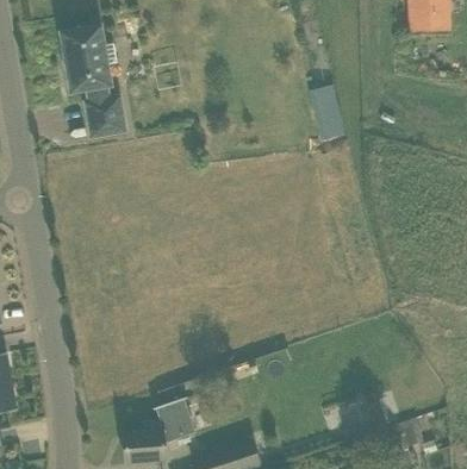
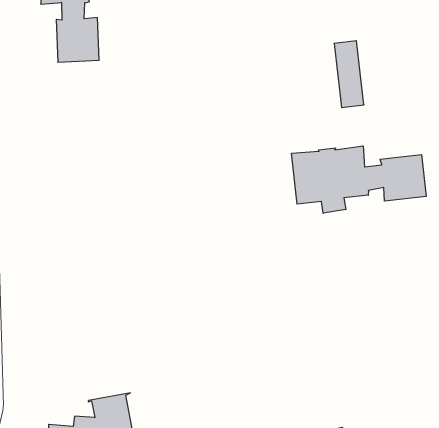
building: none -> [292,146,426,213]

